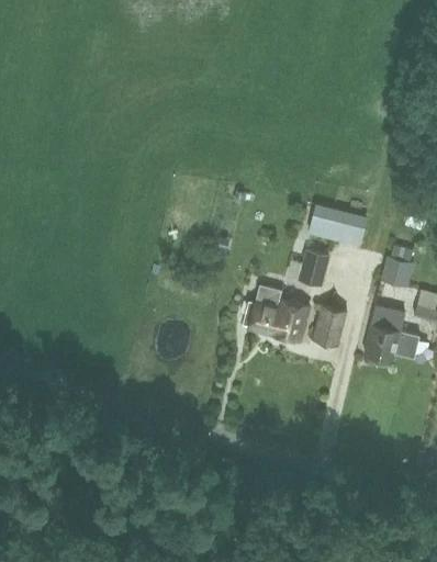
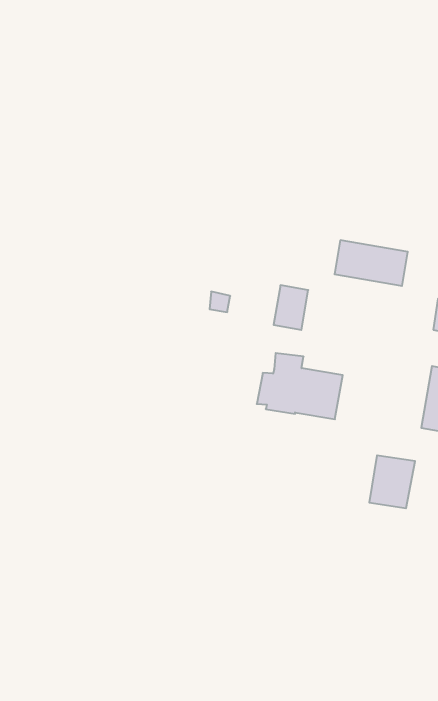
building: [298,252,326,288] -> [274,285,308,330]
building: [310,305,347,347] -> [369,455,415,508]

